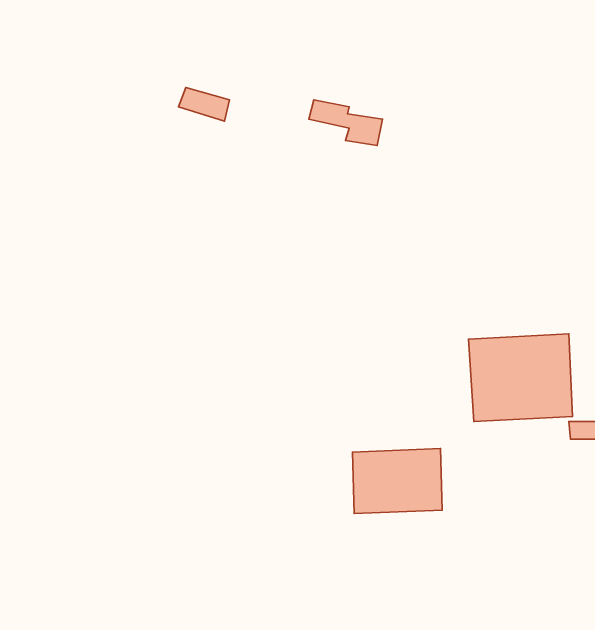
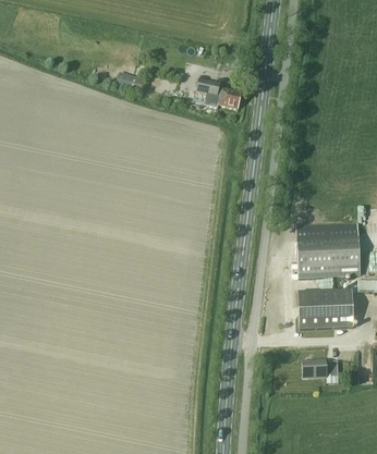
building: [352,449,442,514] -> [297,289,353,329]
building: none -> [302,357,339,376]

